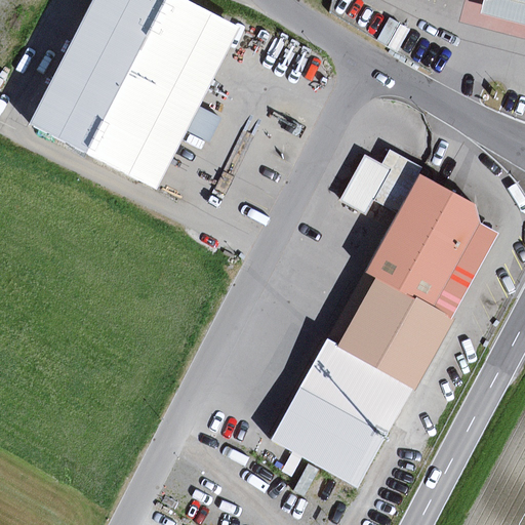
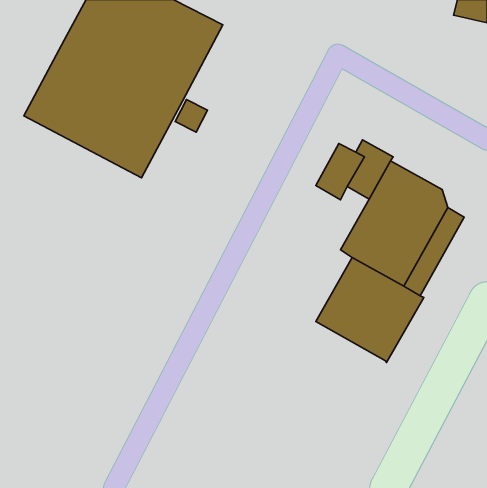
building: [273,340,413,487] -> none

